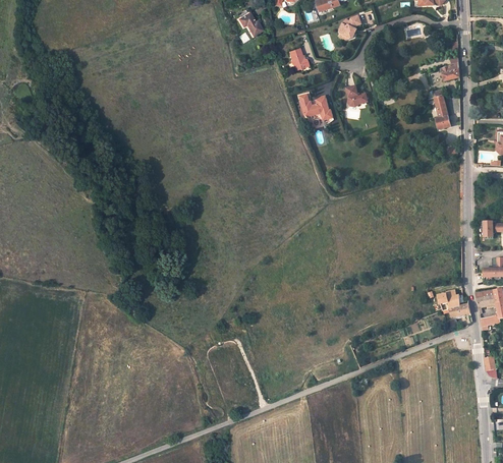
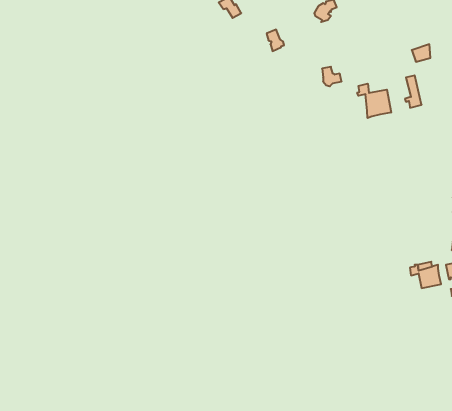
building: [298,94,333,124] -> none
building: none -> [357,84,391,118]

